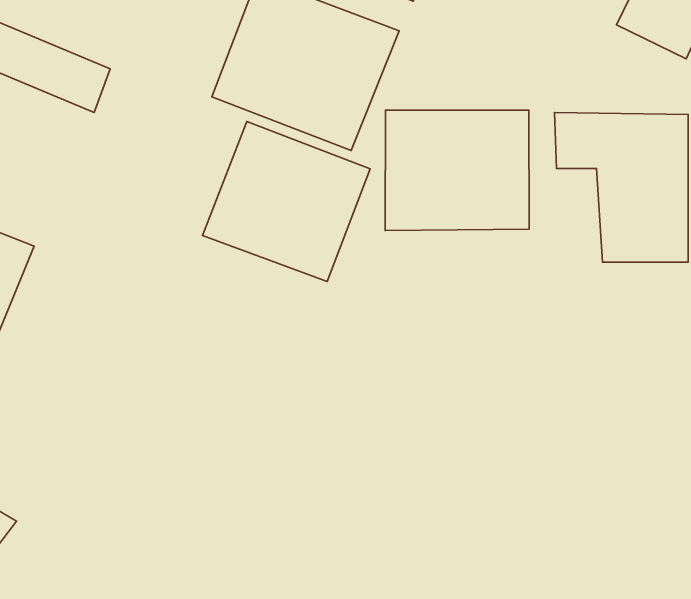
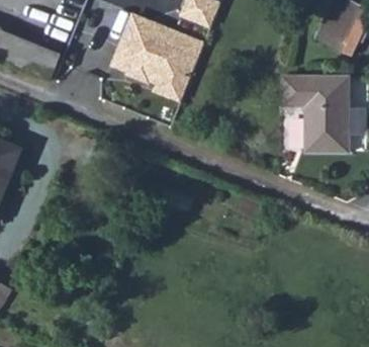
building: [385,110,529,231] -> none
building: [203,121,370,282] -> none

